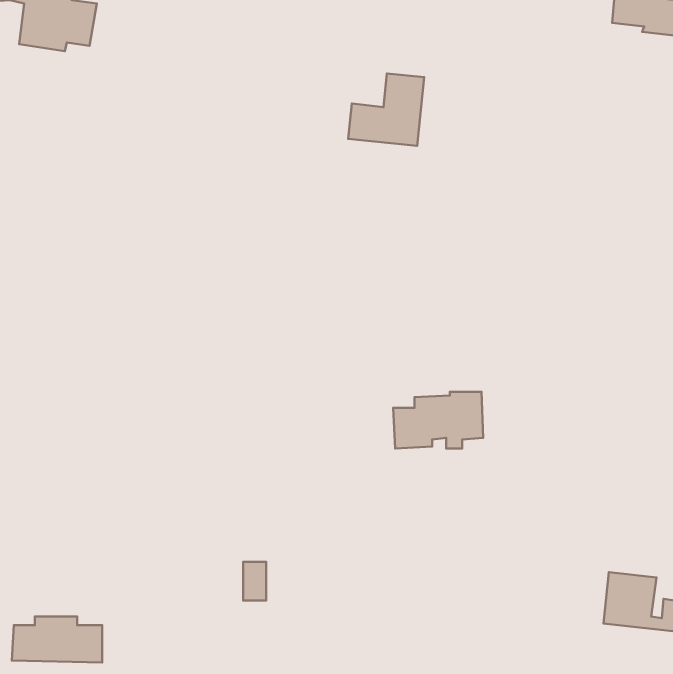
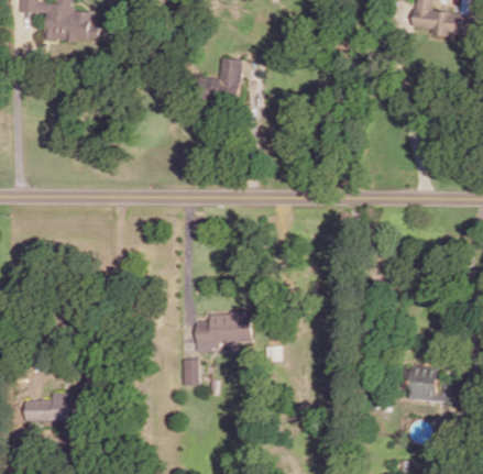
building: [348,74,424,146] -> [194,57,241,102]
building: [393,392,483,448] -> [193,311,249,346]

